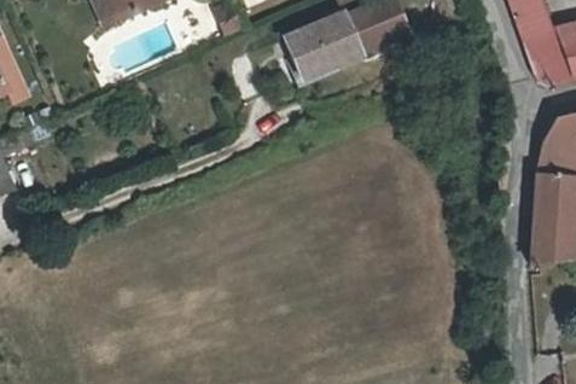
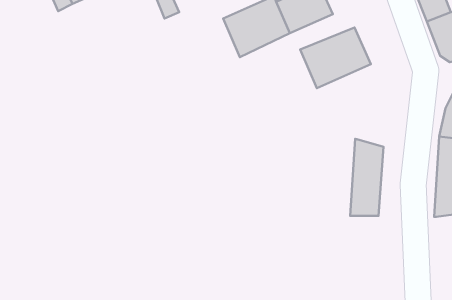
building: none -> [300,28,371,88]
building: none -> [350,139,383,216]

